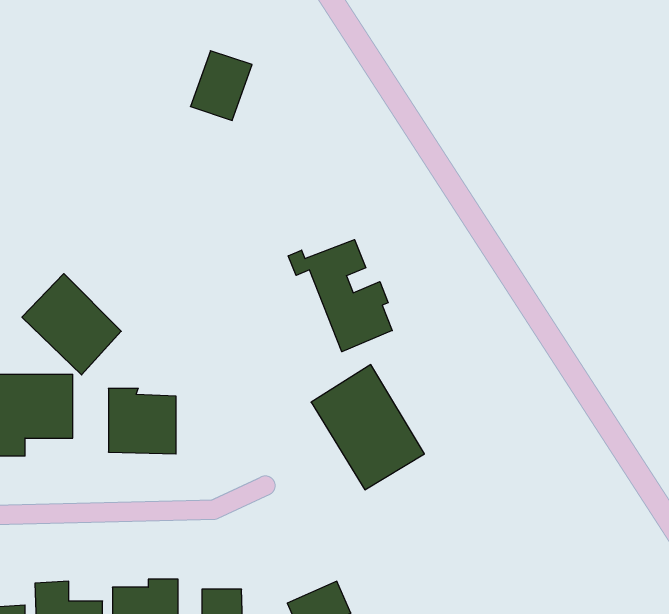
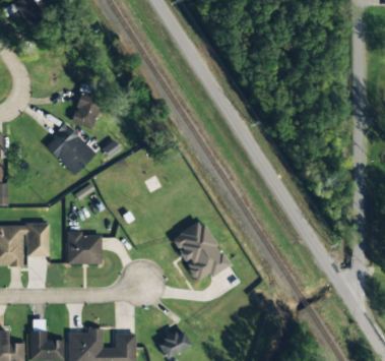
building: [190,51,252,120] -> [71,94,103,129]
building: [288,240,392,352] -> none
building: [22,274,121,375] -> [45,124,95,176]

